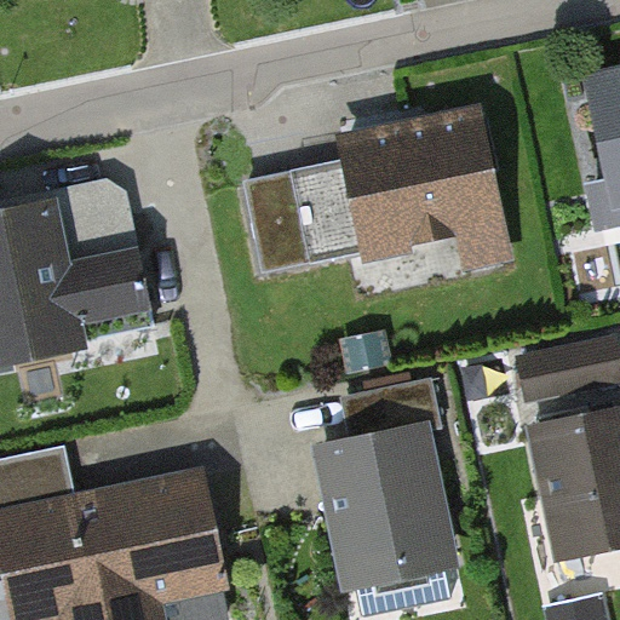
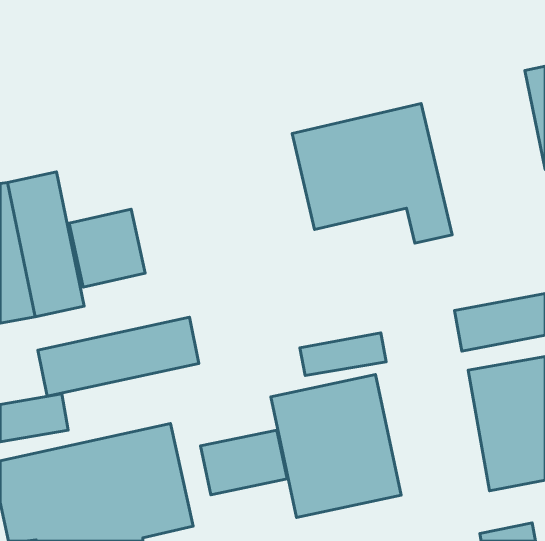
building: [247,166,337,271] -> none
building: none -> [38,317,199,396]
building: none -> [201,430,287,495]

